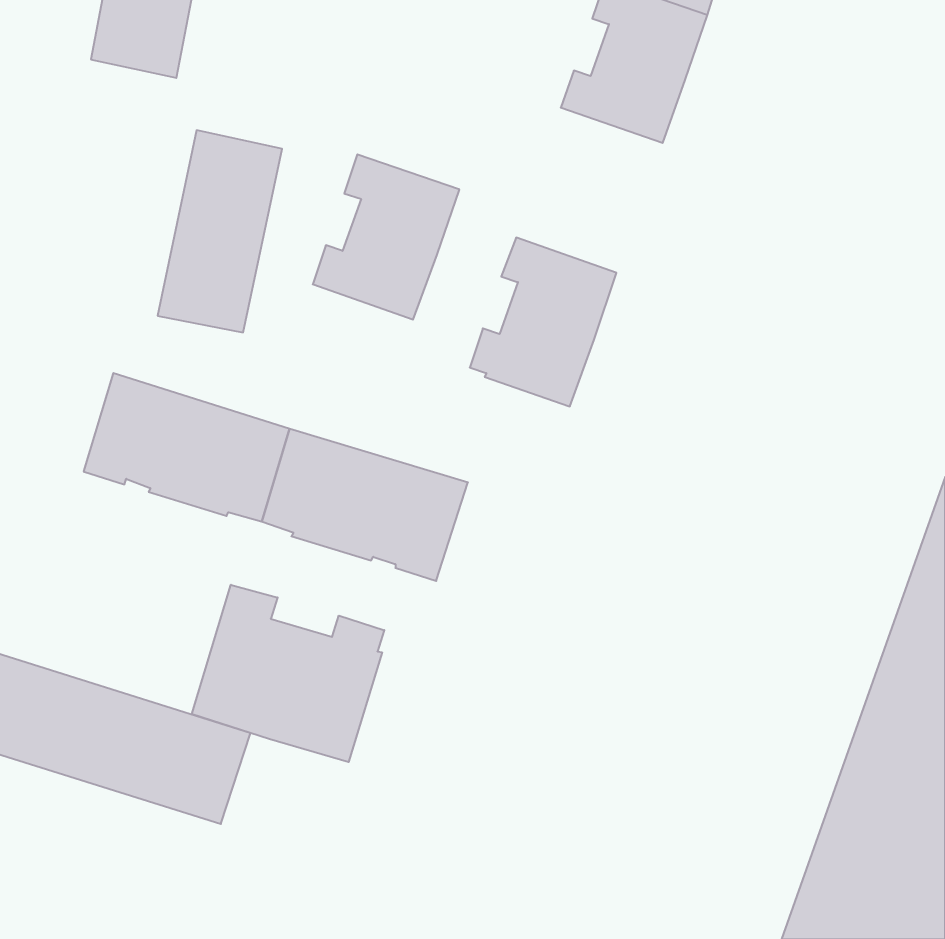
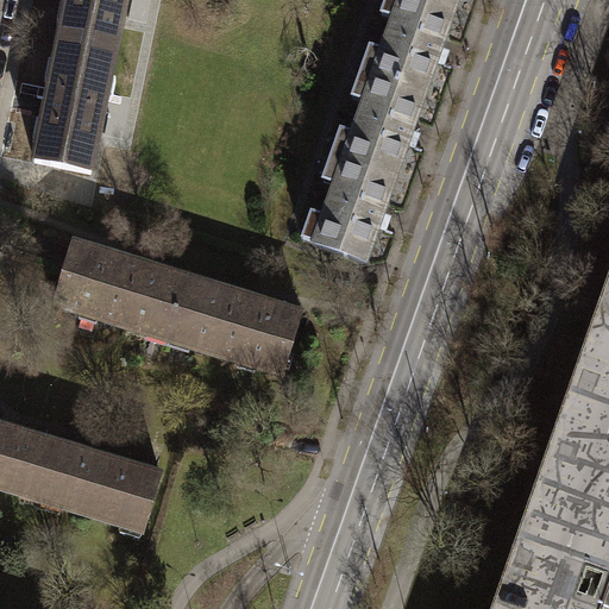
building: [158,130,282,332] -> [33,38,113,168]
building: [313,154,459,320] -> [331,69,425,175]
building: [192,585,384,762] -> none

